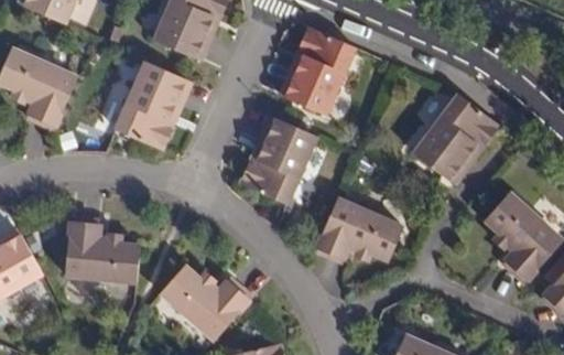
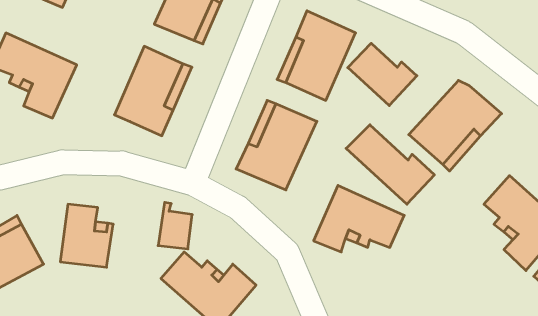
building: none -> [348,43,417,106]
building: none -> [346,125,434,204]
building: [108,238,142,284] -> [158,202,192,249]

